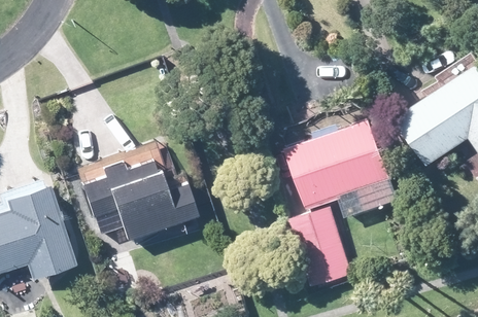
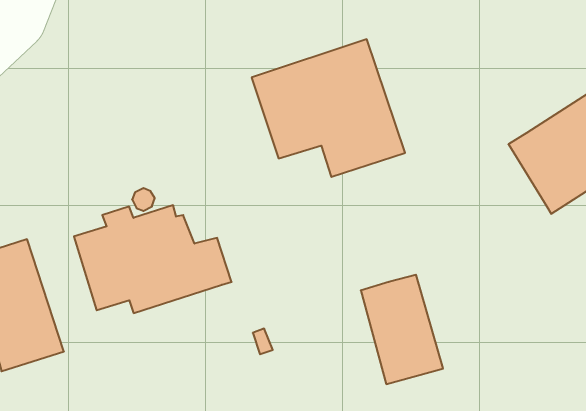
building: [289,119,401,219] -> [252,39,405,177]

